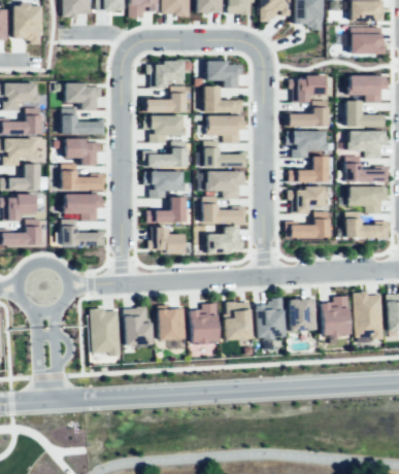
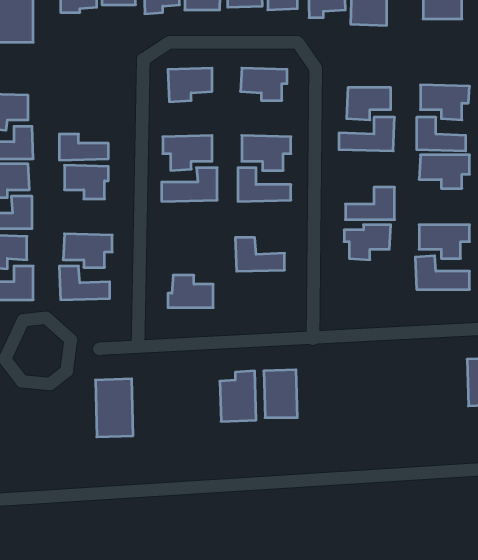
building: [351,27,383,55] -> none
building: [65,83,102,110] -> none
building: [143,86,187,112] -> none
building: [204,86,244,113] -> none
building: [287,130,326,158] -> none
building: [345,156,390,182] -> none
building: [62,164,105,191] -> none
building: [144,171,184,198] -> none
building: [206,171,246,198] -> none
building: [147,197,186,223] -> none
building: [286,211,330,238] -> none
building: [209,227,244,252] -> none
building: [354,292,384,339] -> none
building: [322,296,350,336] -> none
building: [255,298,285,340] -> none
building: [289,299,318,332] -> none
building: [124,307,152,345] -> none
building: [158,307,186,340] -> none

